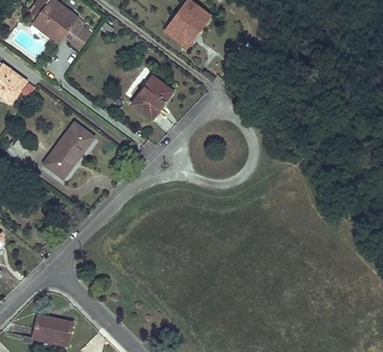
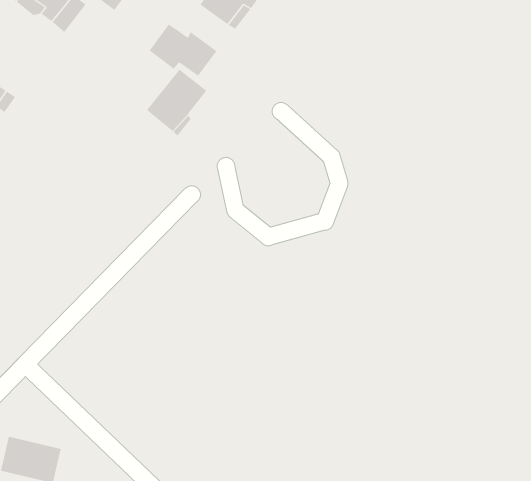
building: none -> [149,23,217,77]
building: [45,123,93,177] -> none

